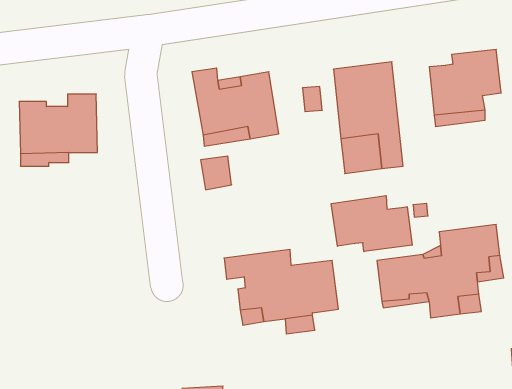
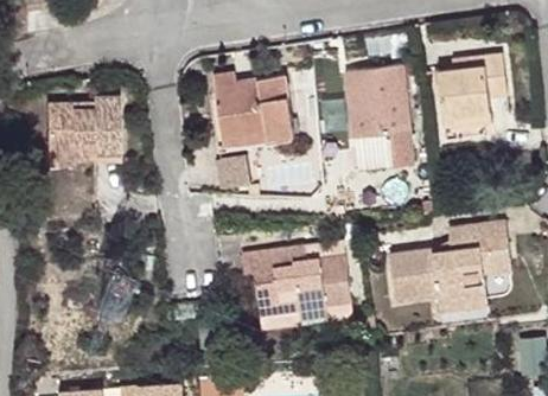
building: [331,196,412,252] -> none

